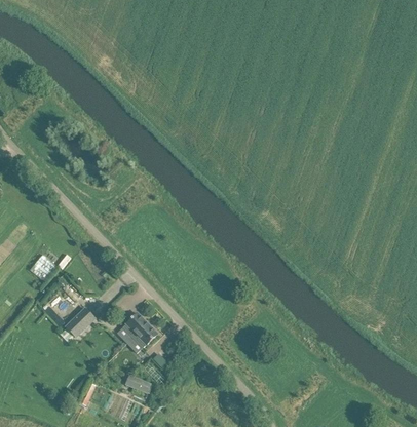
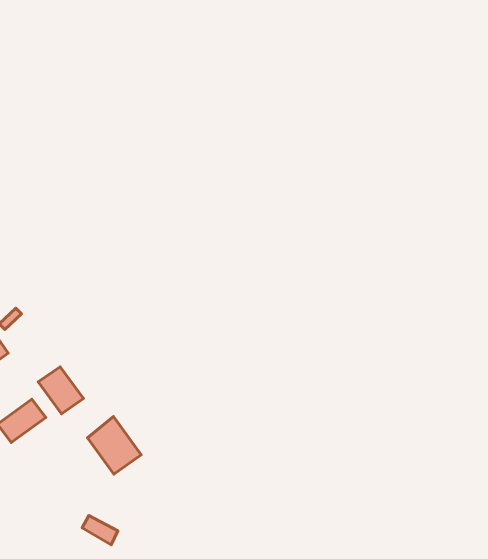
building: none -> [38,367,83,414]

